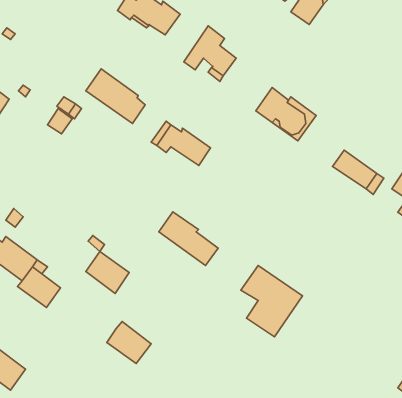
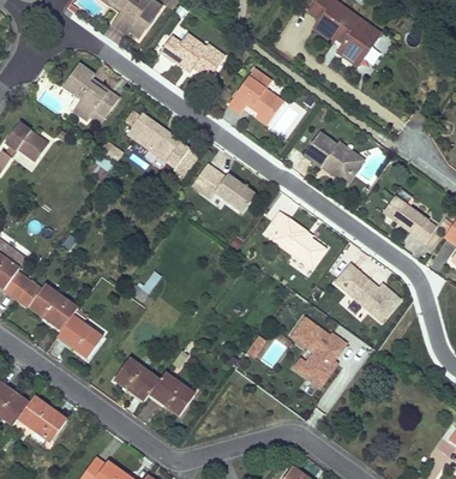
building: none -> [64,64,120,121]
building: [159,212,218,265] -> [263,211,324,267]
building: none -> [334,262,398,318]
building: [86,252,129,294] -> [114,358,158,401]

